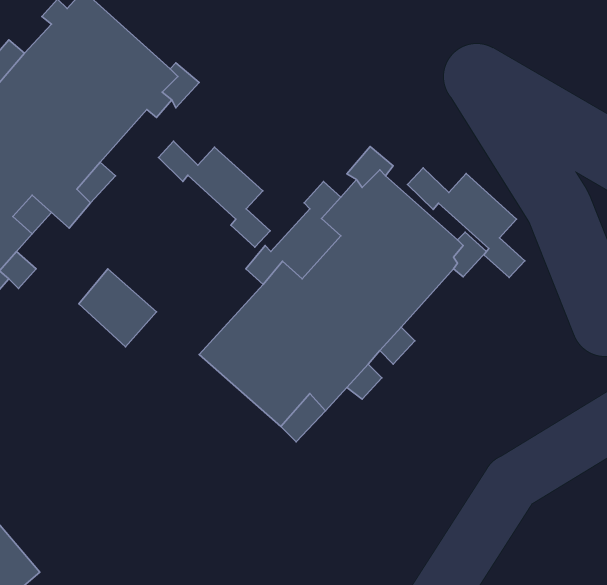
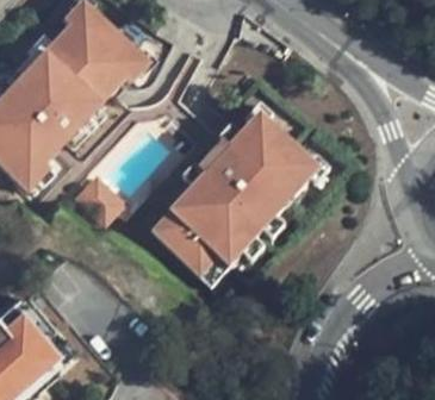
building: [158,141,270,247] -> none
building: [408,168,525,278] -> none

